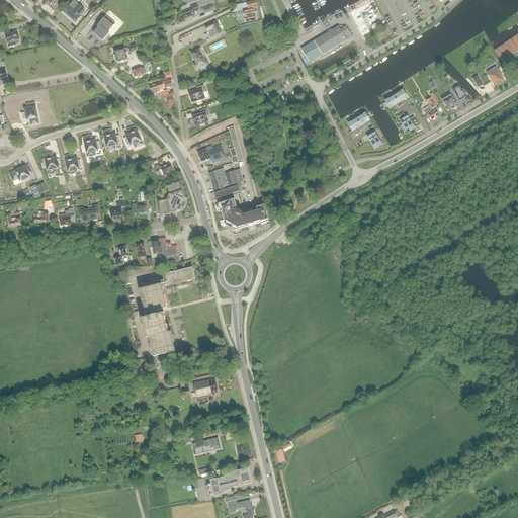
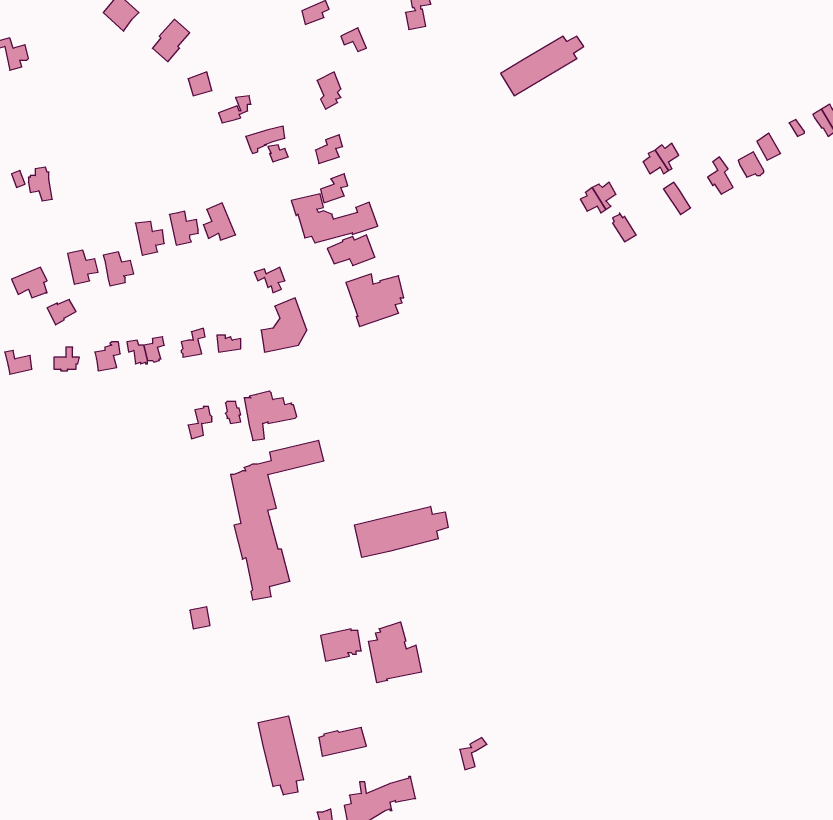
building: [218,198,269,228] -> [291,194,378,243]
building: none -> [354,506,448,557]
building: none -> [369,622,422,683]
building: none -> [258,716,303,795]

